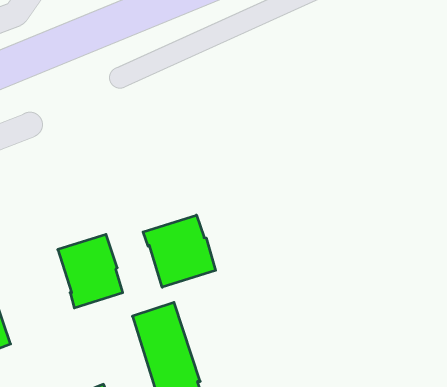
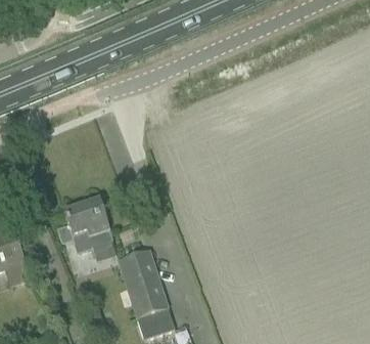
building: [143,215,216,287] -> none

